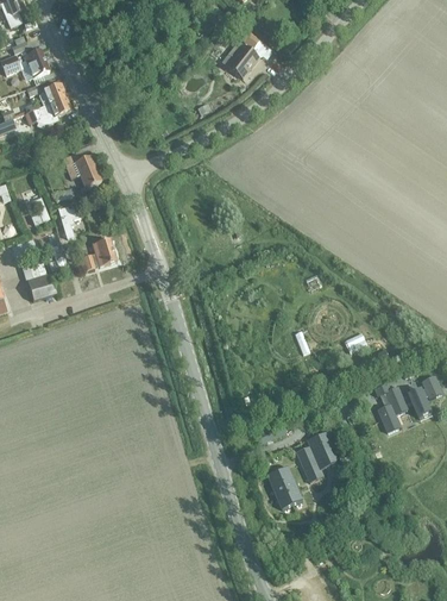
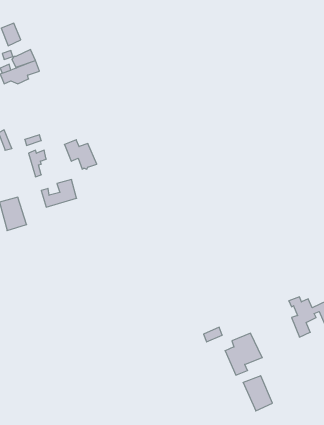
building: [225,31,271,79] -> none
building: [61,151,100,187] -> [64,140,97,169]
building: [265,467,301,509] -> [243,376,272,411]

